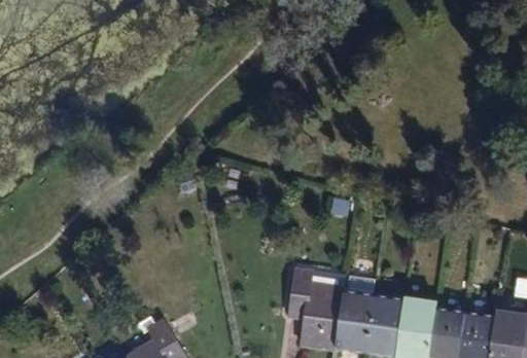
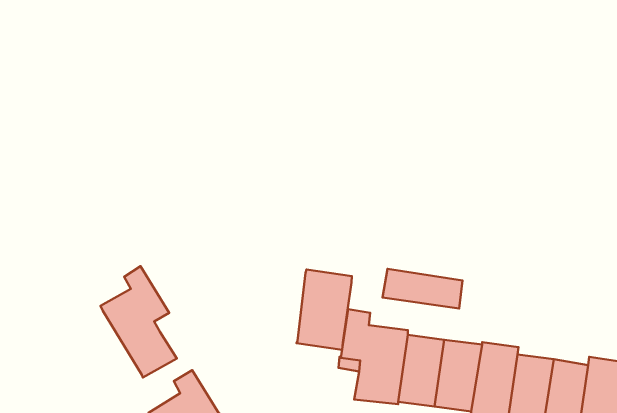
building: none -> [101,266,177,377]
building: none -> [383,269,462,308]
building: none -> [297,269,352,350]

